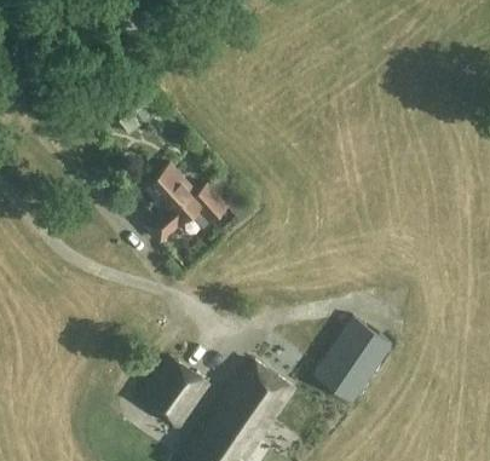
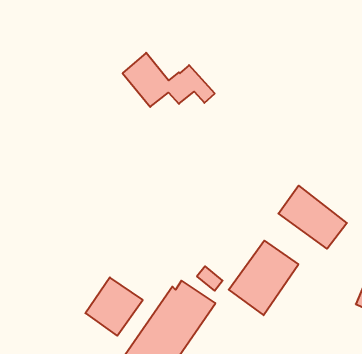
building: [144,165,253,229] -> [123,53,215,107]
building: none -> [278,186,347,249]

